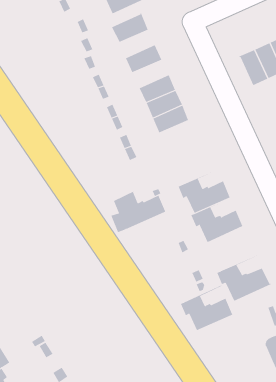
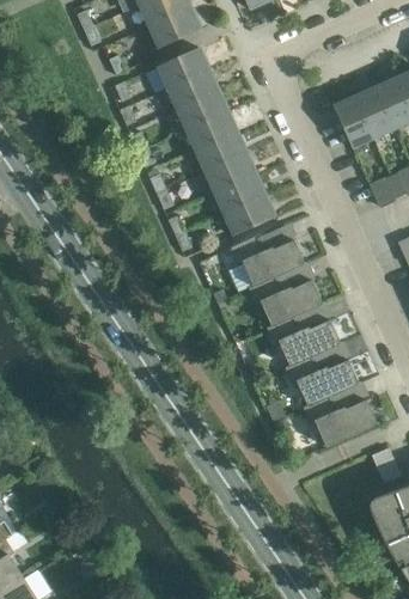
building: none -> [167,69,218,109]
building: none -> [185,111,237,151]
building: none -> [222,195,275,236]
building: [110,191,167,233] -> [227,233,306,292]
building: [180,285,235,331] -> [285,341,360,404]

